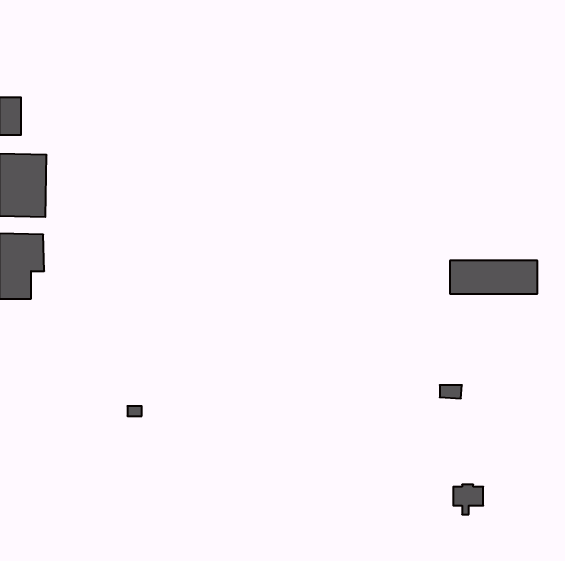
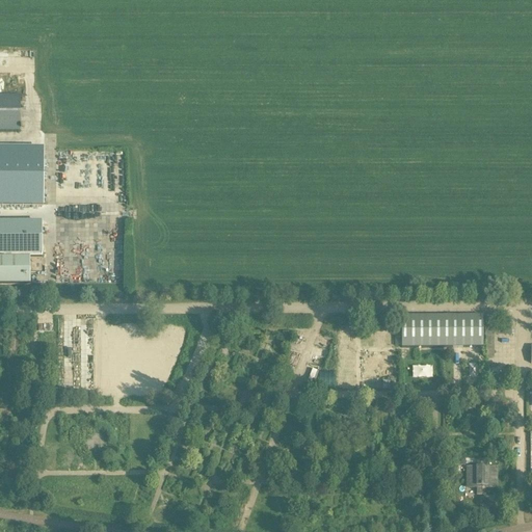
building: [450,261,537,294] -> [400,313,482,344]
building: [453,485,483,514] -> [467,463,495,491]

